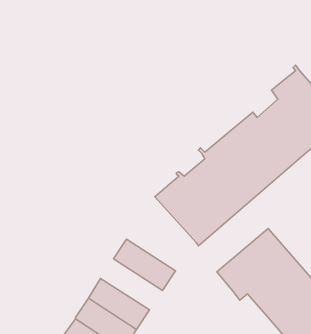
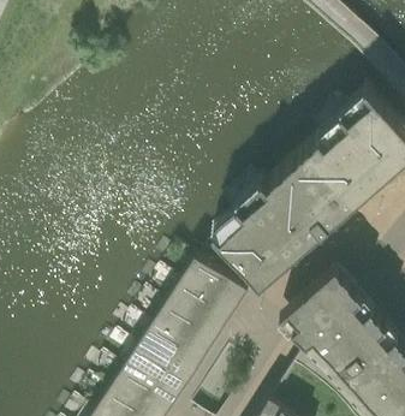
building: none -> [179,263,248,320]
building: none -> [150,307,219,363]

